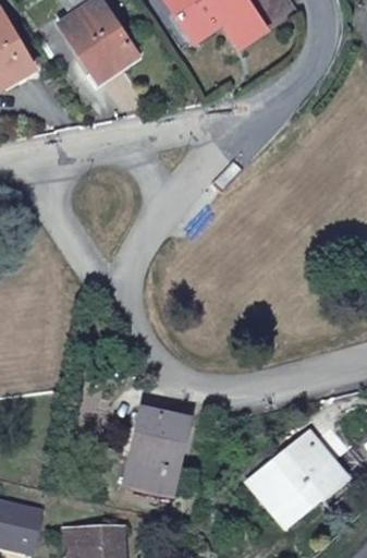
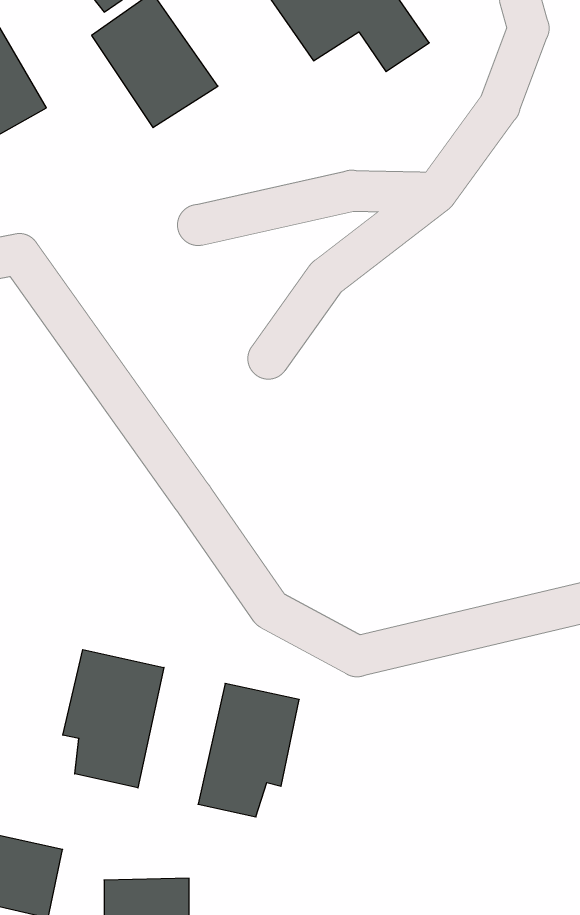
building: none -> [63,650,164,788]
building: [249,435,345,529] -> none

